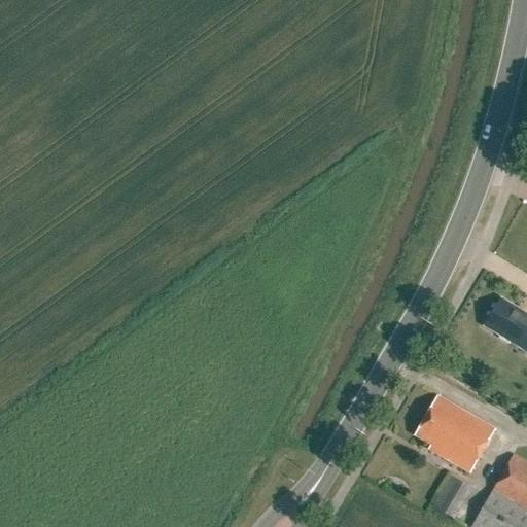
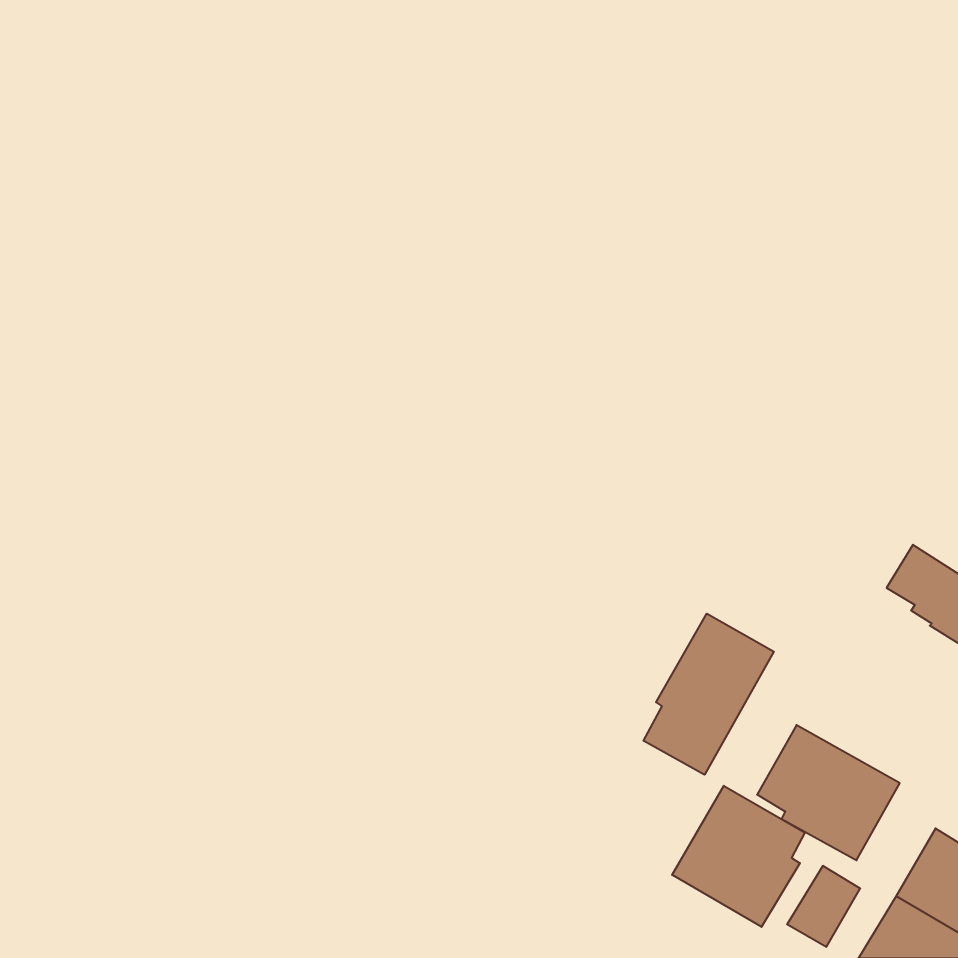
building: none -> [644,614,774,775]
building: none -> [672,786,805,927]

